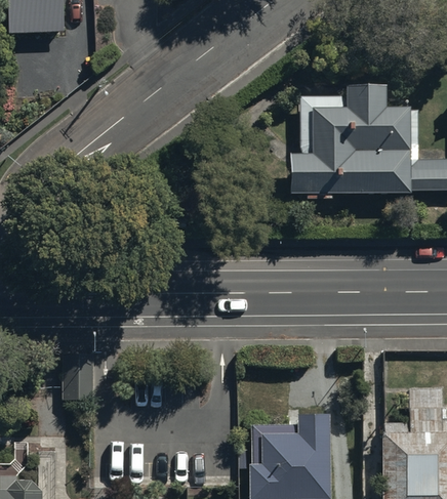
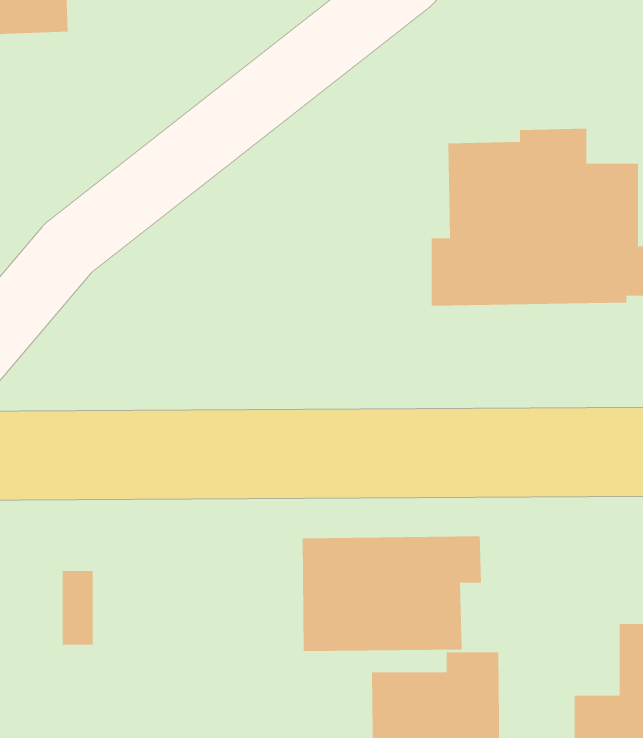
building: none -> [302,536,481,652]

